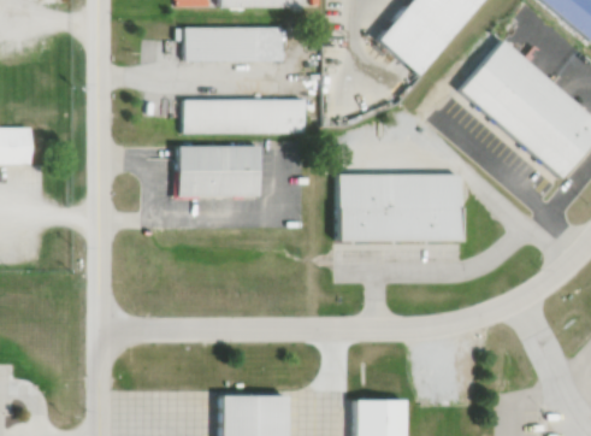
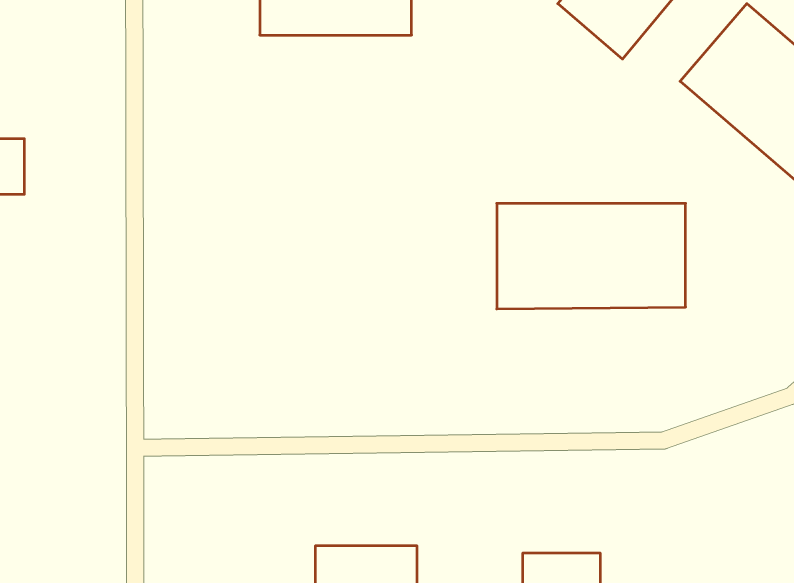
building: [184,101,308,134] -> none
building: [177,143,260,193] -> none

